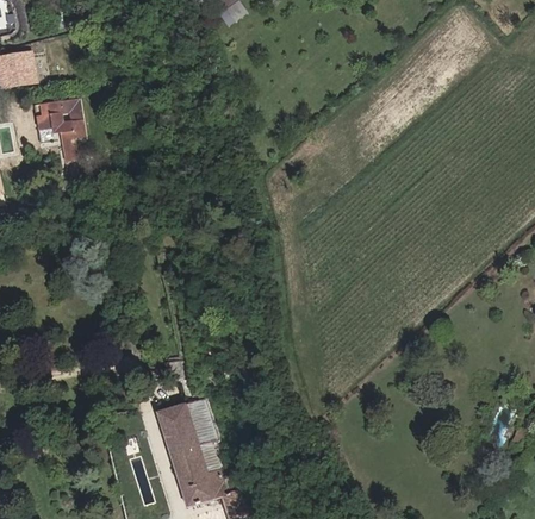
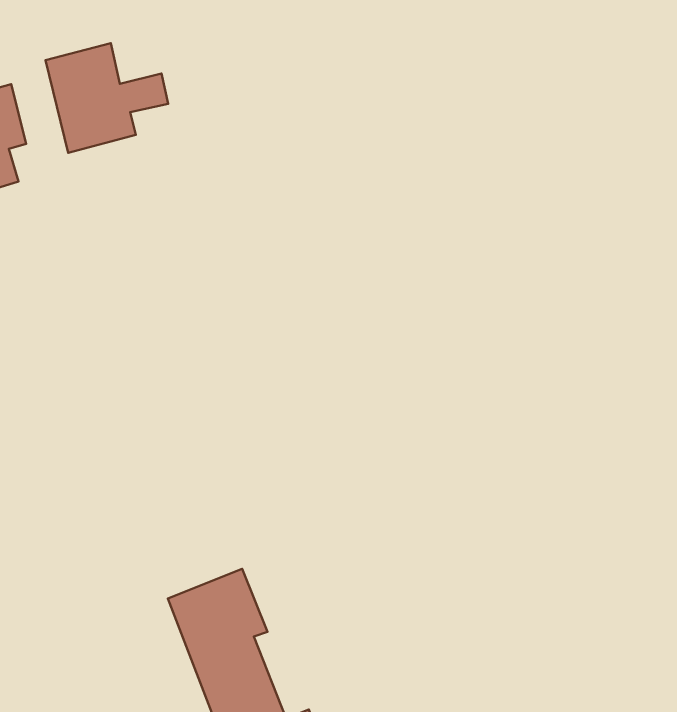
building: none -> [45,43,168,153]

